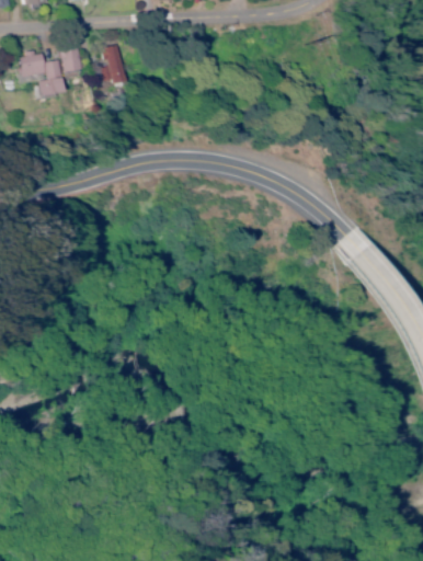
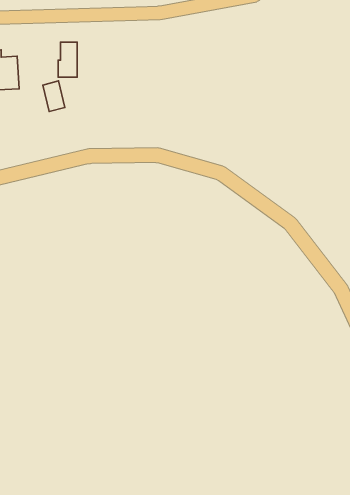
building: [60,46,83,78] -> [43,81,65,112]

